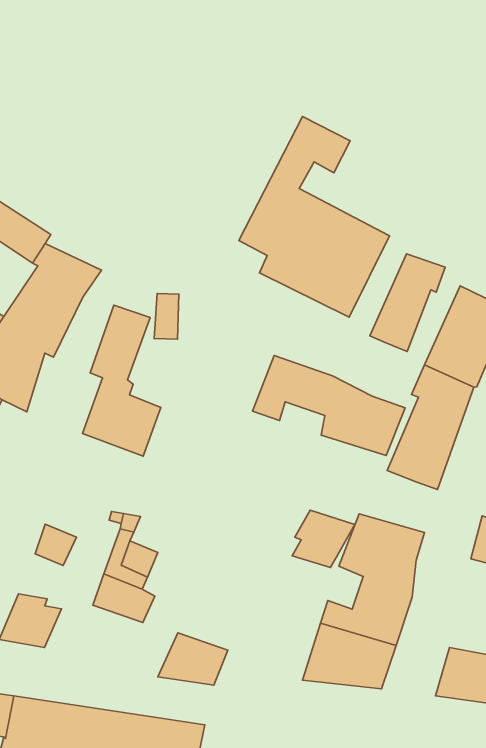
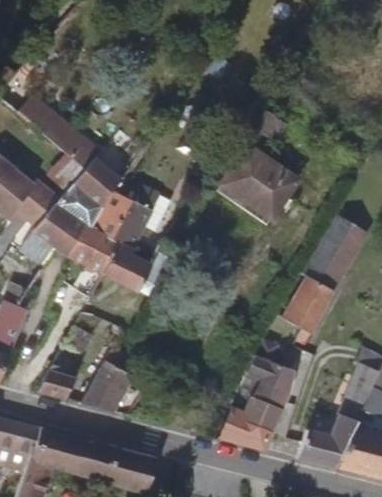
building: [370,254,445,352] -> none
building: none -> [70,179,131,276]
building: [253,356,405,455] -> none
building: [292,510,355,567] -> none
building: [158,633,228,685] -> [81,380,125,414]

